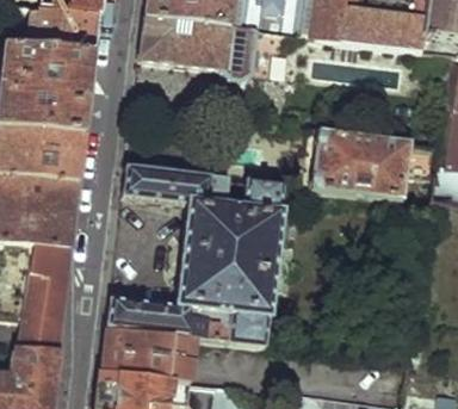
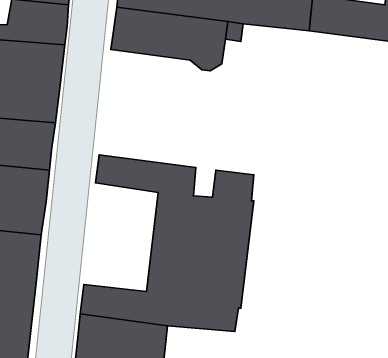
building: [311,129,410,199] -> none

